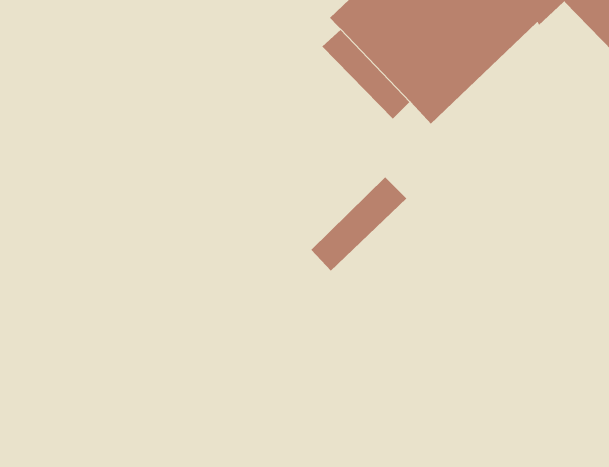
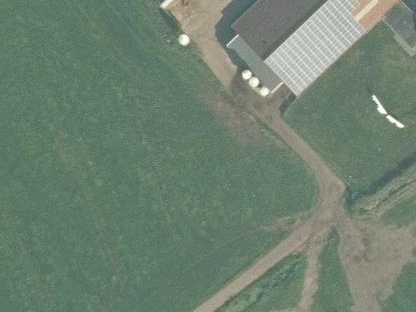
building: [310,177,407,272] -> none

